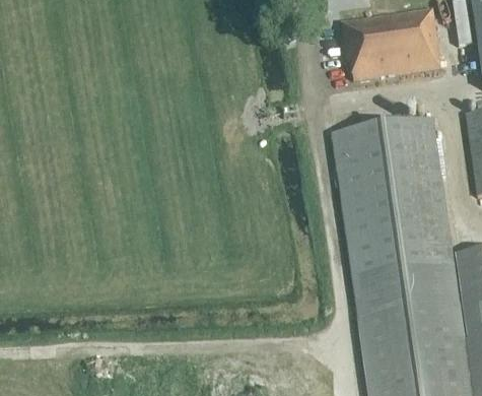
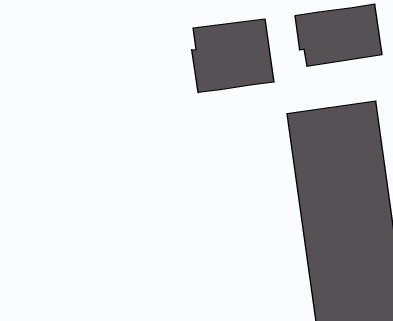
building: none -> [192,19,274,93]

